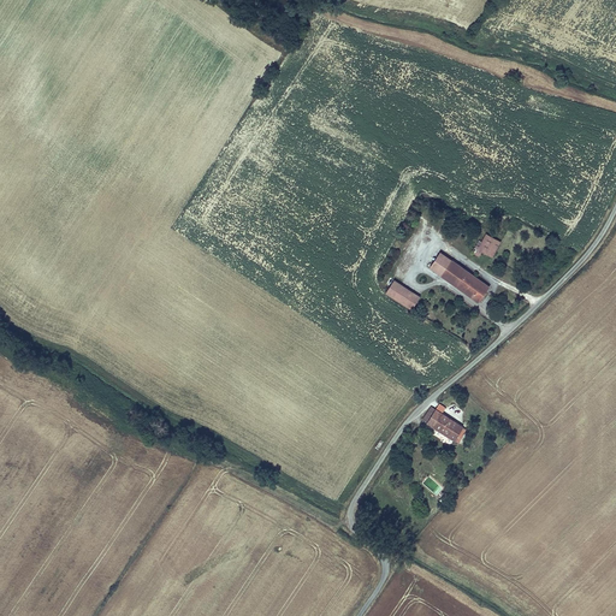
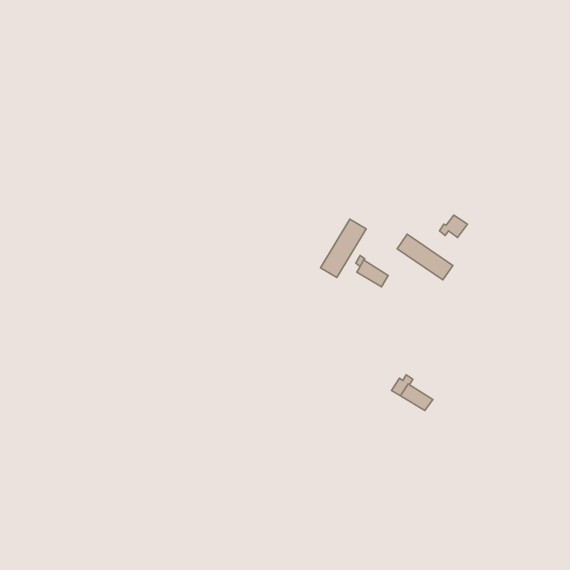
building: none -> [321,219,366,277]

